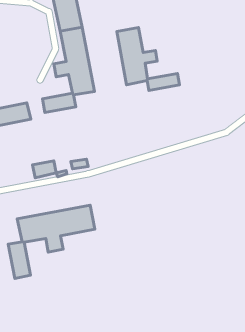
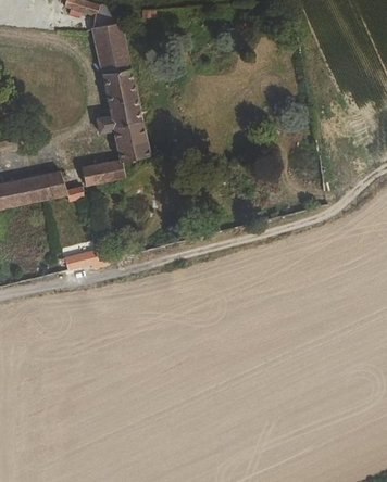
building: [117,28,180,91] -> none
building: [8,205,95,278] -> none

